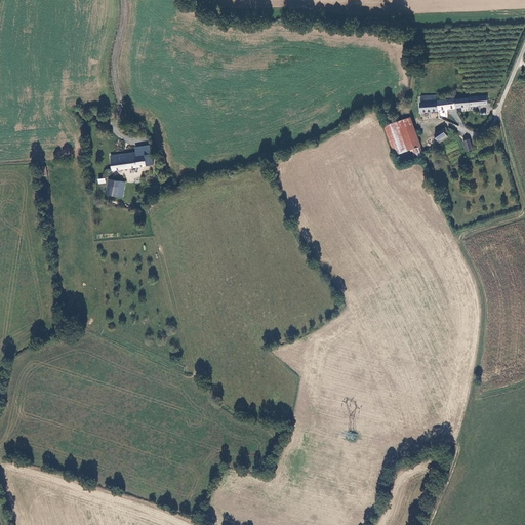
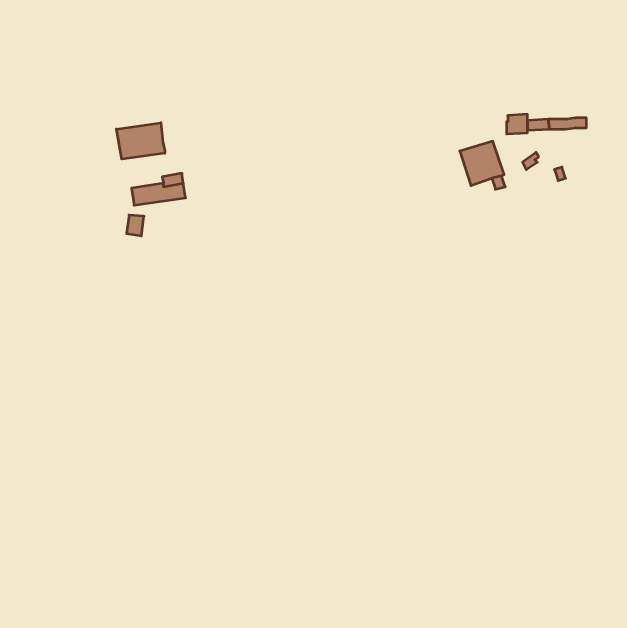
building: none -> [116,123,165,159]

